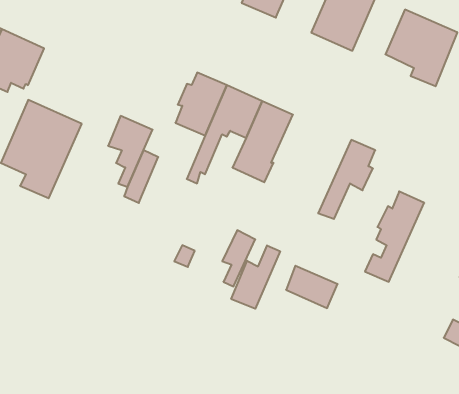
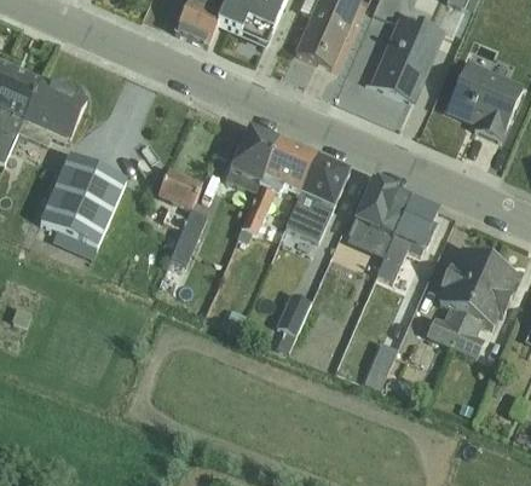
building: none -> [354,179,411,260]
building: none -> [451,262,515,358]
building: [231,245,280,309] -> none

